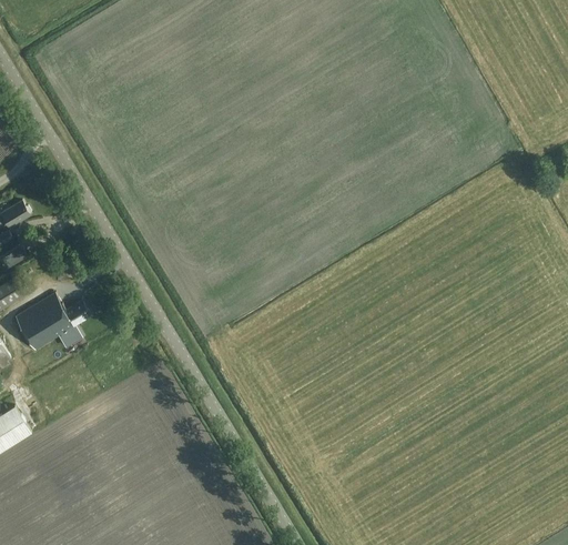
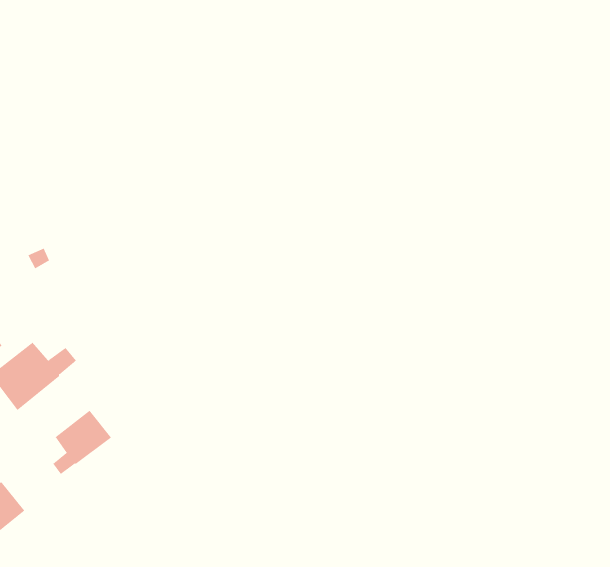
building: none -> [52,410,112,475]

